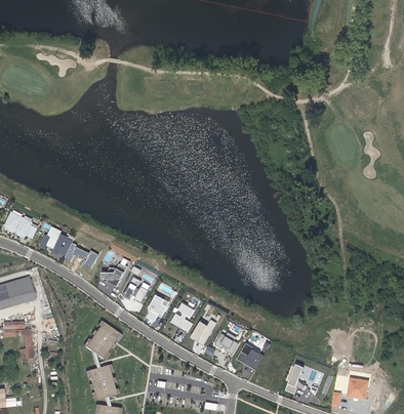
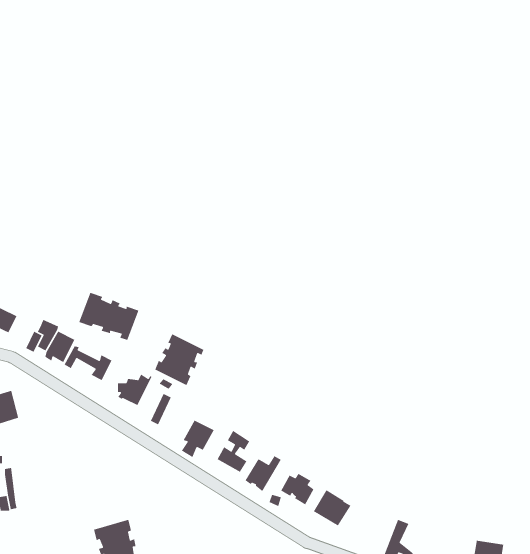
building: none -> [78,292,140,341]
building: none -> [154,333,204,386]
building: [82,321,121,360] -> none

